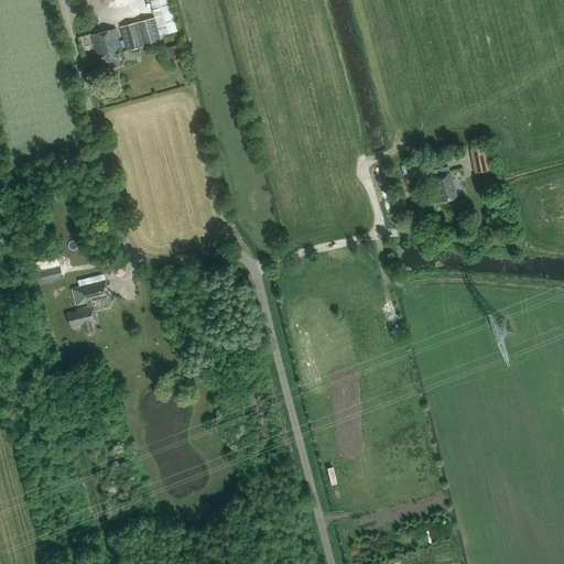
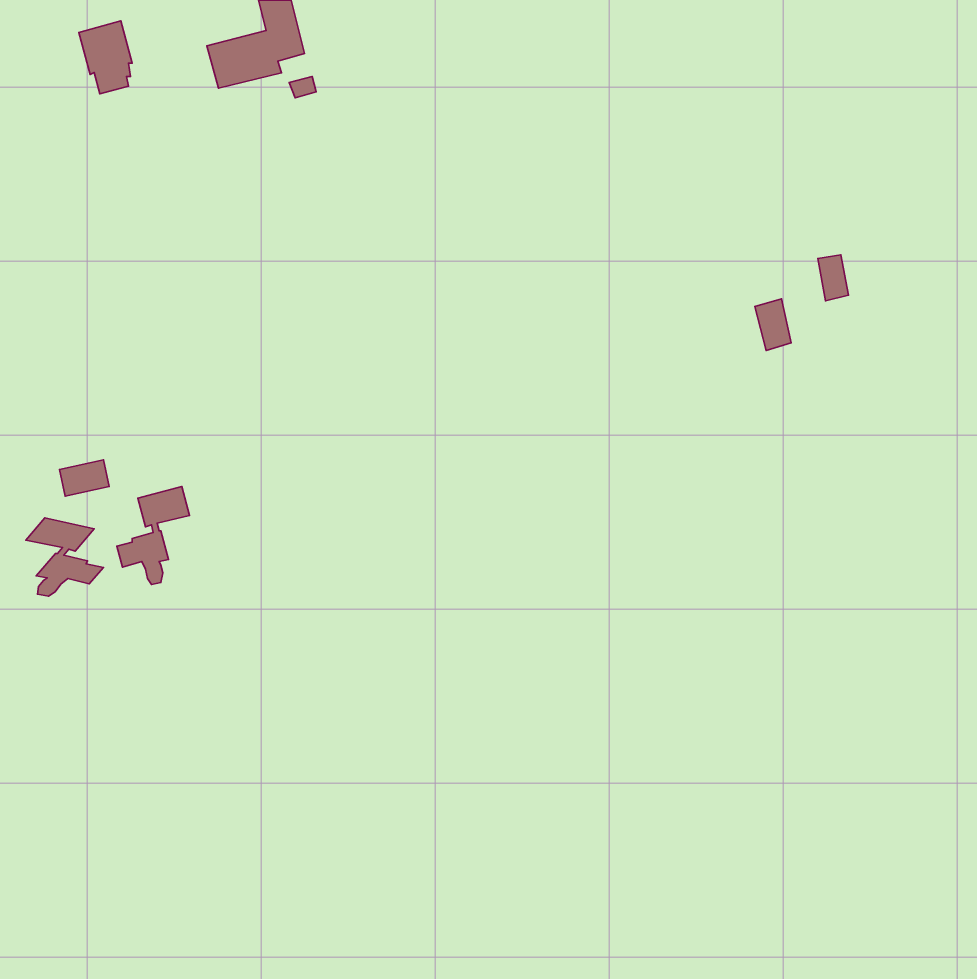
building: [90,28,121,69] -> [79,21,132,94]
building: none -> [26,518,103,596]

